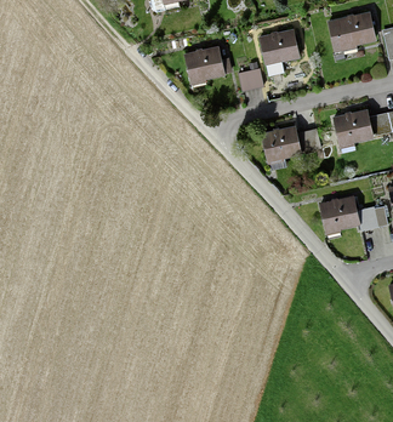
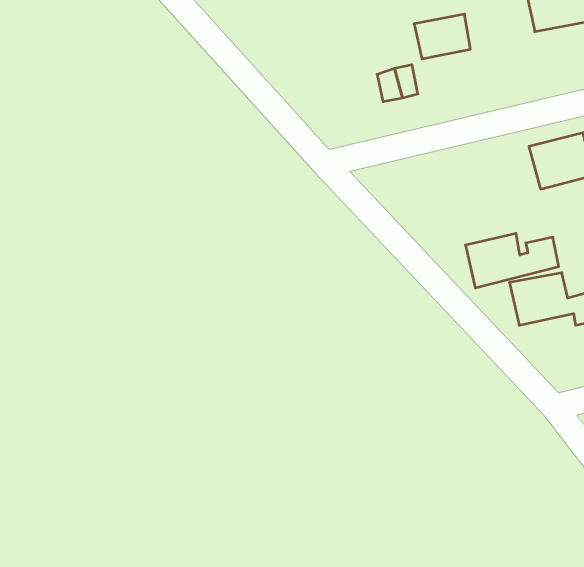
building: [188,52,221,78] -> none
building: [263,126,321,160] -> [465,233,559,288]

